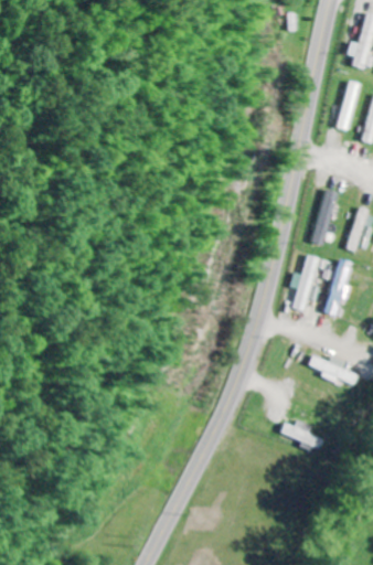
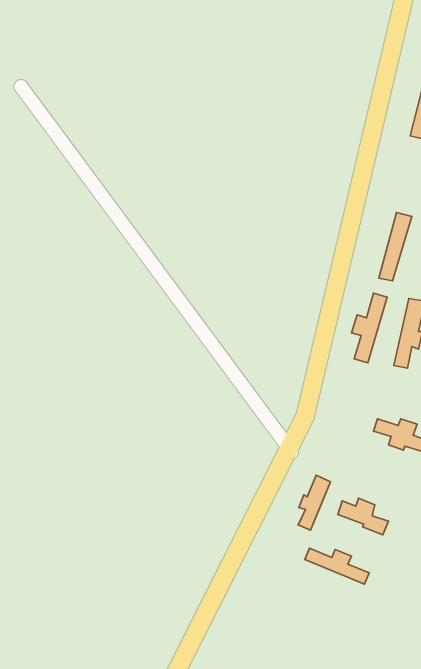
building: none -> [298,475,330,530]
building: none -> [305,548,369,584]

